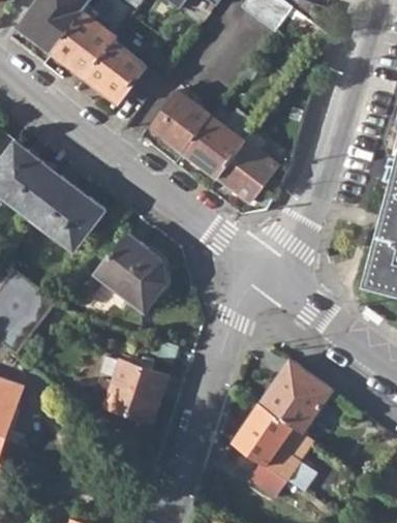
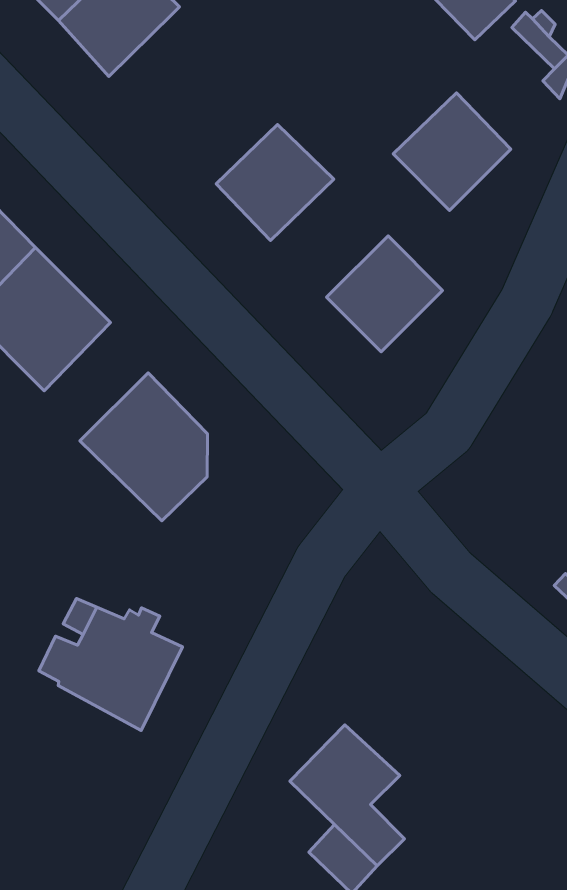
building: [84,40,146,103] -> none
building: [182,116,244,179] -> [393,93,511,211]
building: [258,362,331,432] -> none

